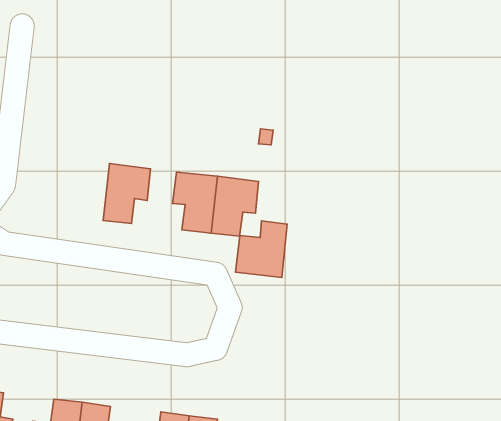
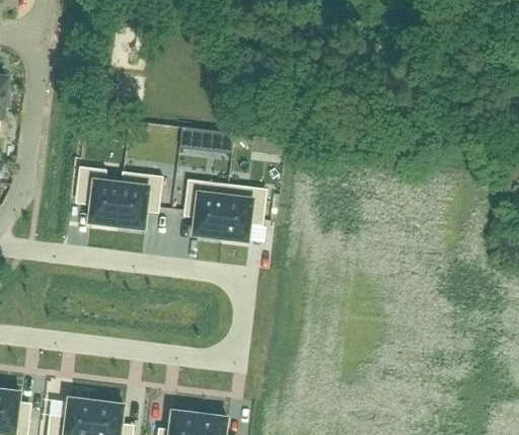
building: none -> [182,127,218,147]
building: none -> [75,166,122,226]
building: [236,221,287,277] -> none

